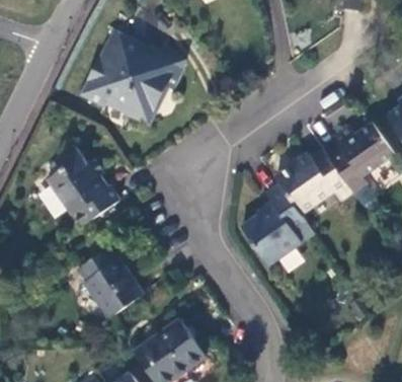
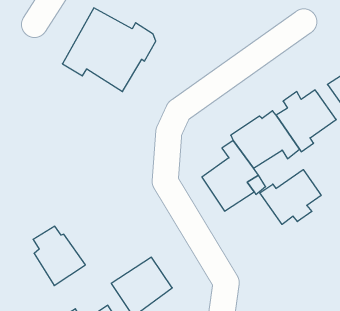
building: [47,145,119,225] -> none
building: none -> [260,170,321,224]
building: [85,247,146,316] -> [33,226,85,286]

